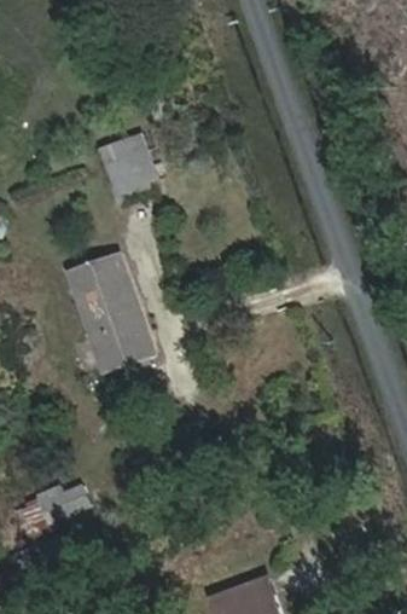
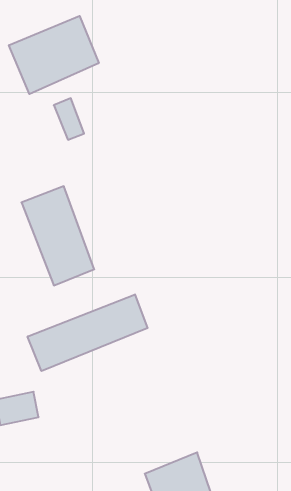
building: none -> [9,16,99,94]
building: none -> [28,294,148,371]

